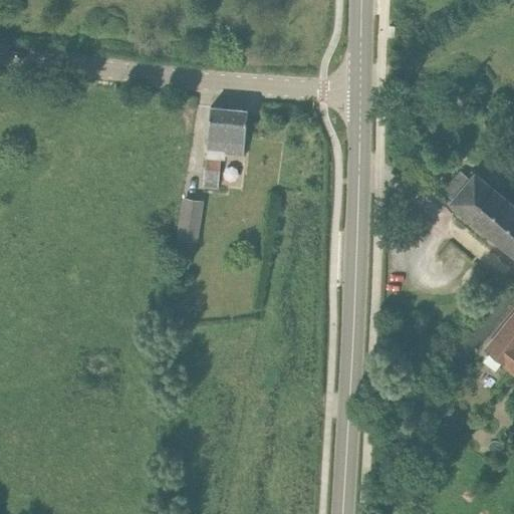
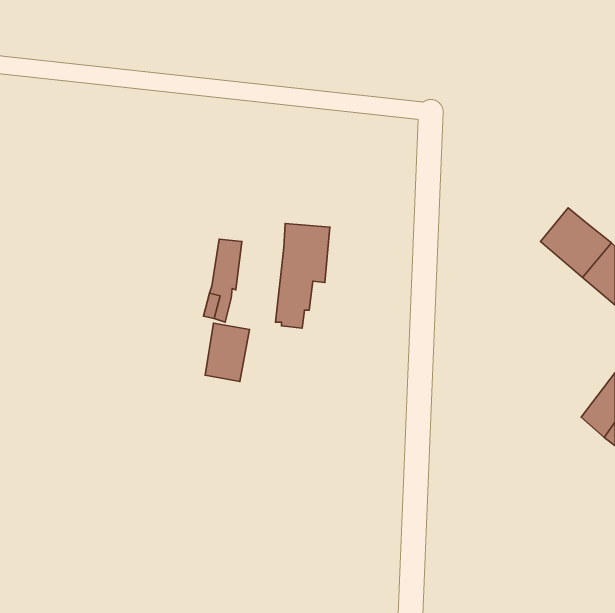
building: [202,107,247,195] -> [276,224,330,328]
building: none -> [205,323,250,381]

